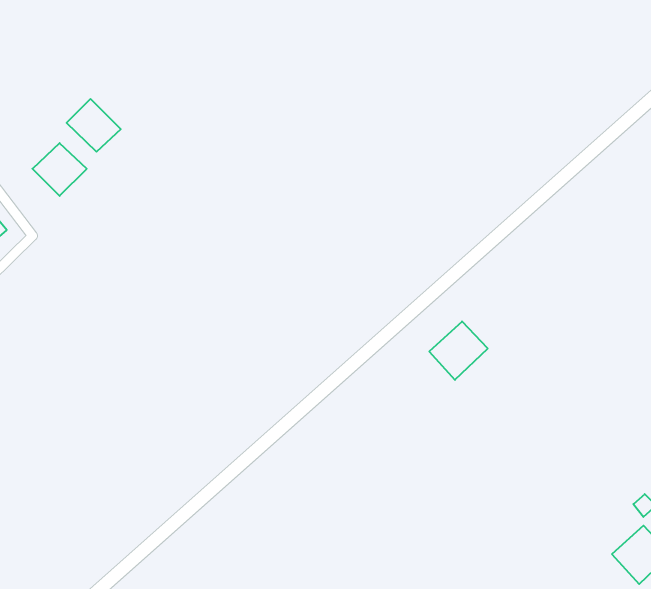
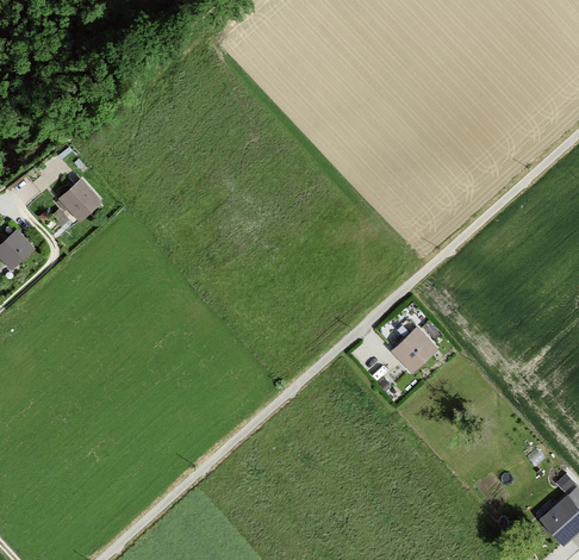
building: [67,99,121,152] -> none

